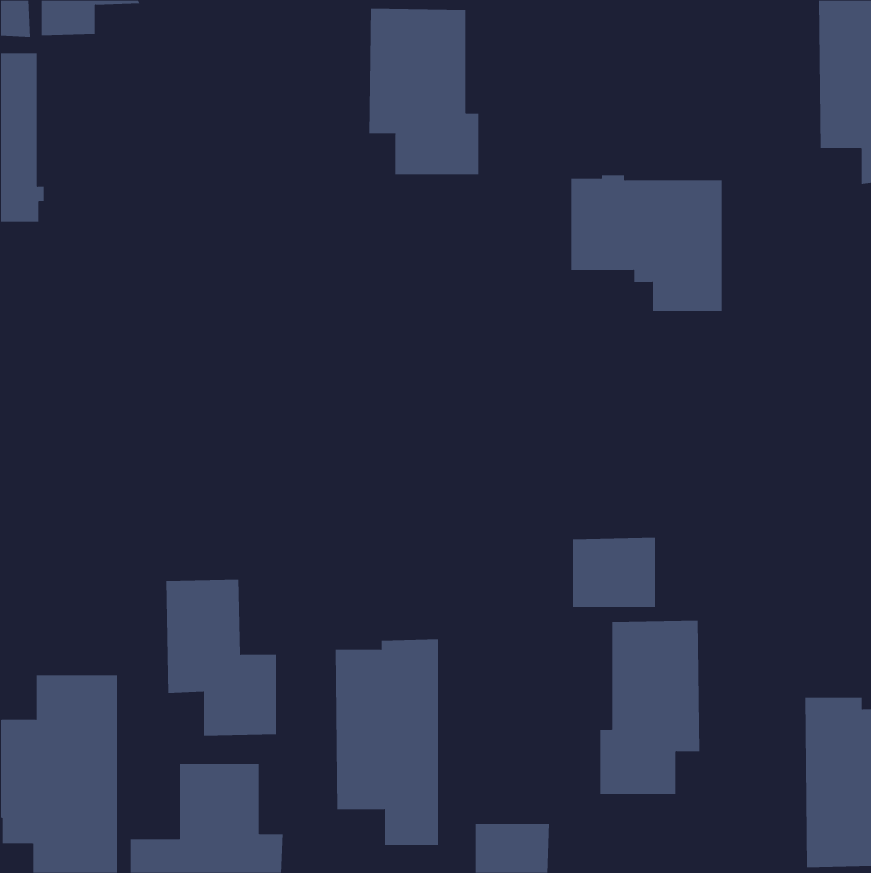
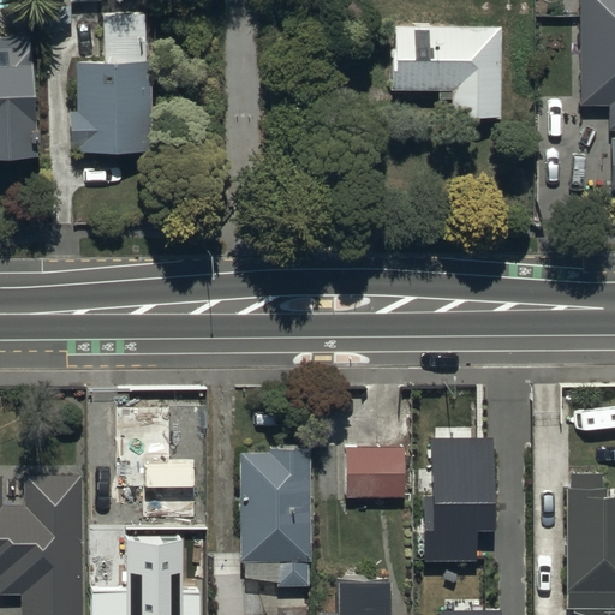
building: [369,8,479,175] -> none
building: none -> [67,12,153,151]
building: [570,175,722,311] -> [392,23,498,119]
building: [572,537,656,607] -> [347,452,406,501]

